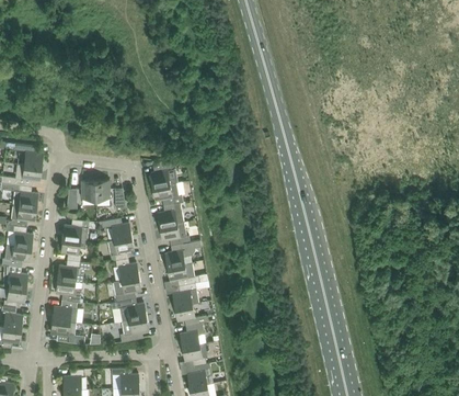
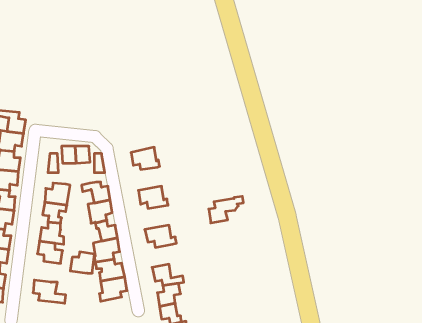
building: [149,160,174,188] -> none
building: [157,203,184,227] -> none
building: [164,240,200,268] -> [209,196,243,223]
building: [172,283,198,307] -> none
building: [51,301,77,323] -> [70,252,94,273]

